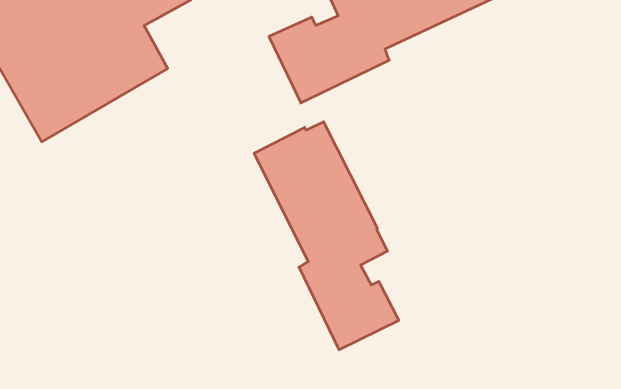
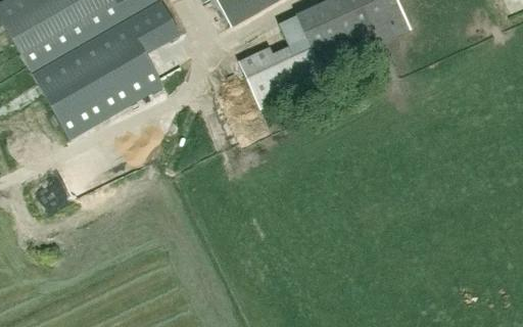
building: [254,122,399,350] -> none

